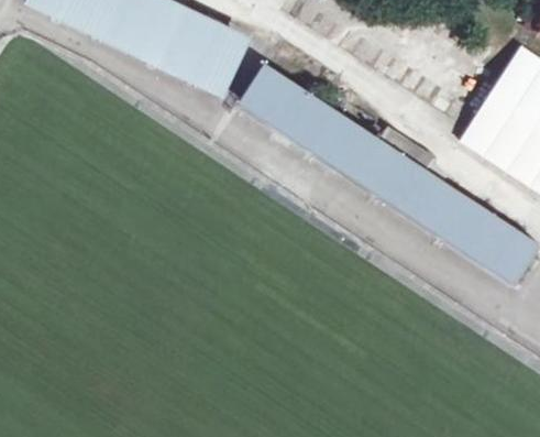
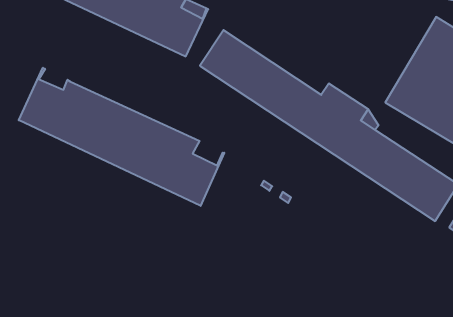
building: none -> [19,68,224,206]

